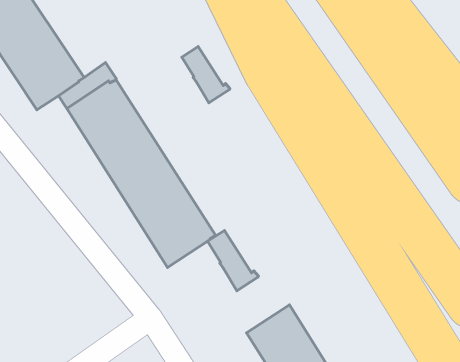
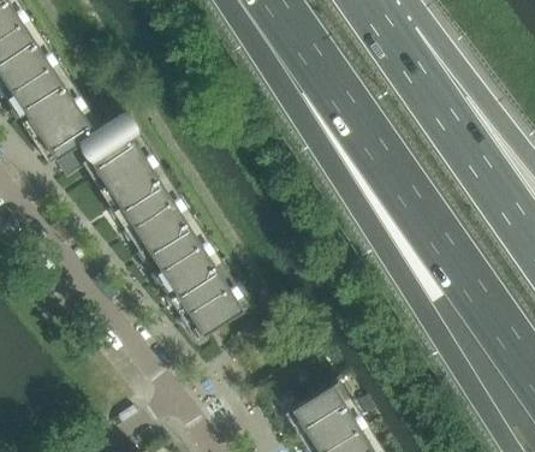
building: [182,47,230,103] -> none
building: [208,230,259,291] -> none

